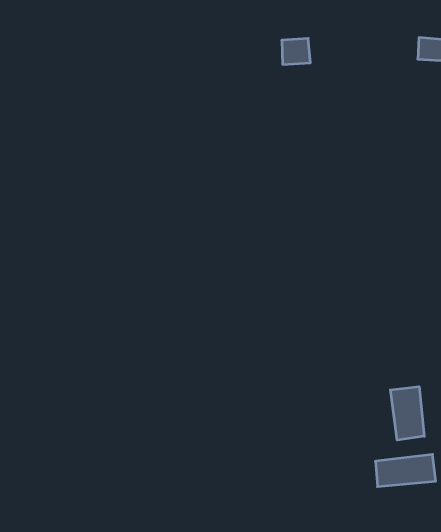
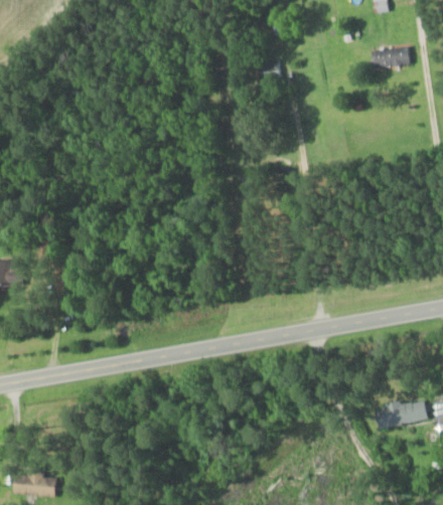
building: [390,387,424,440] -> none

